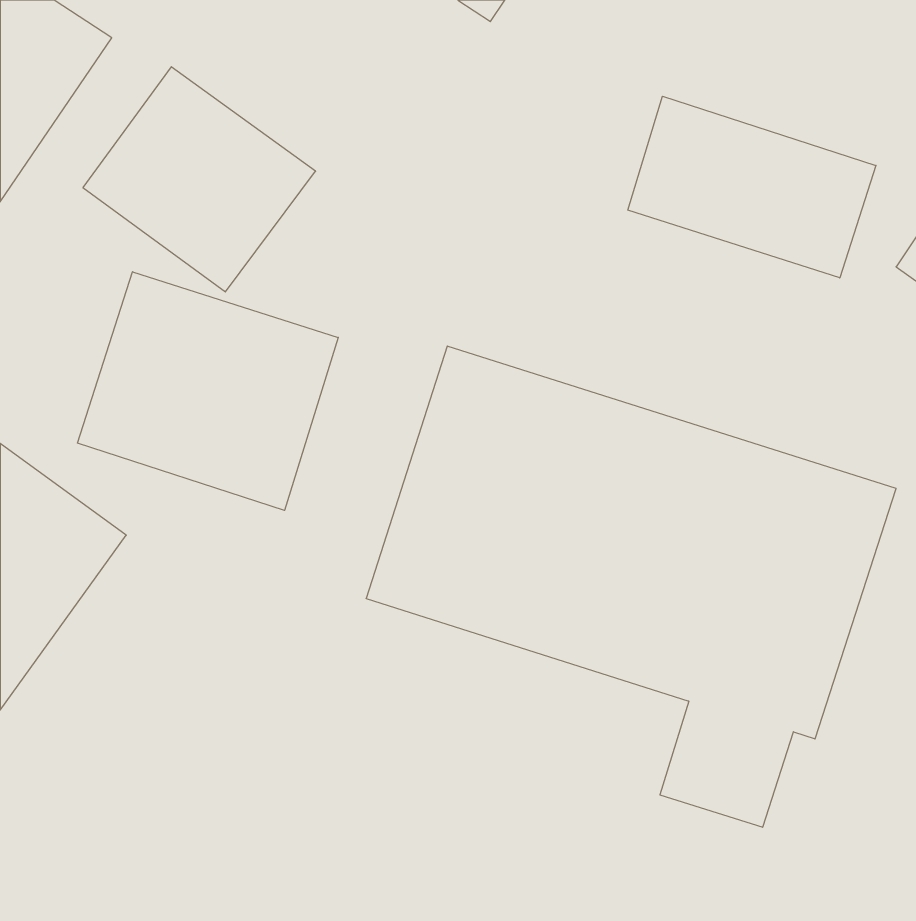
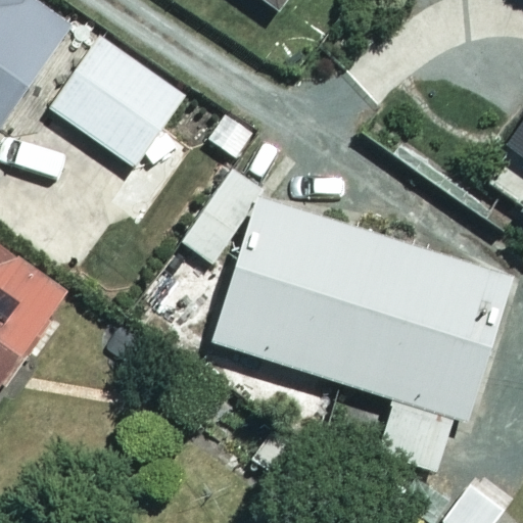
building: [628,96,876,278] -> none
building: [78,272,338,510] -> none

